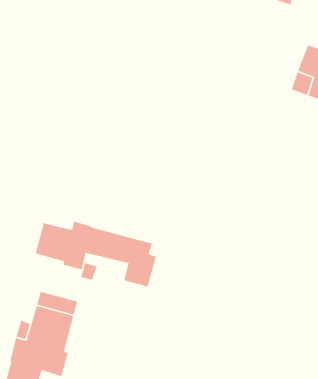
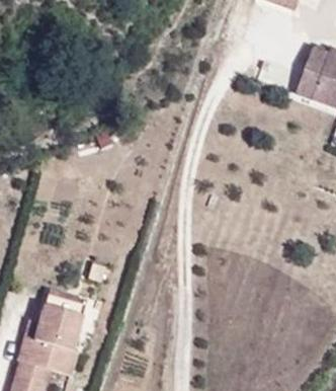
building: [35,221,157,288] -> none

